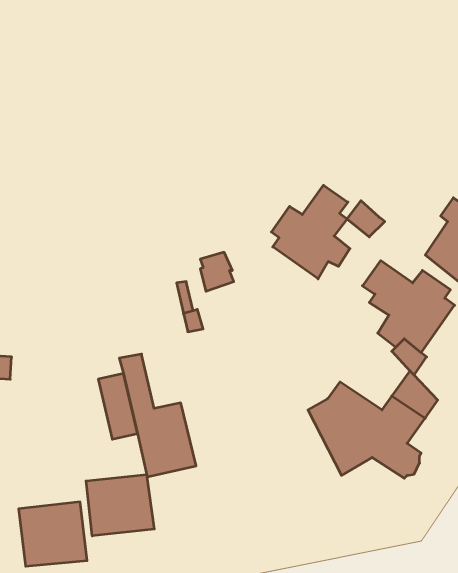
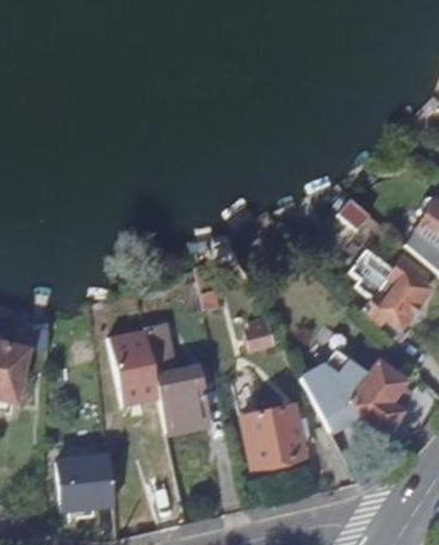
building: [271,185,350,279] -> none
building: none -> [241,407,310,470]
building: [86,475,154,536] -> none

